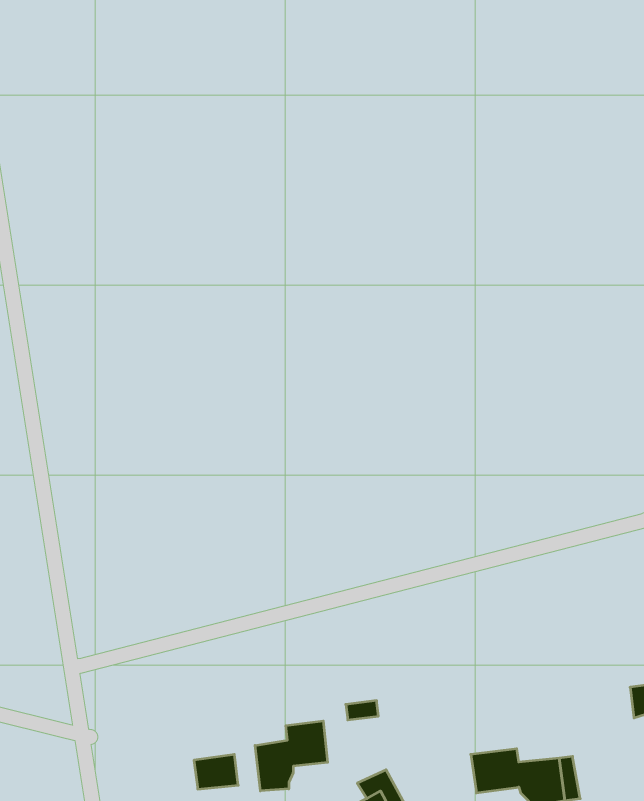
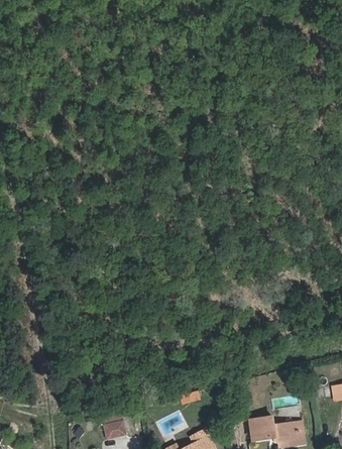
building: [255,721,328,791] -> none

